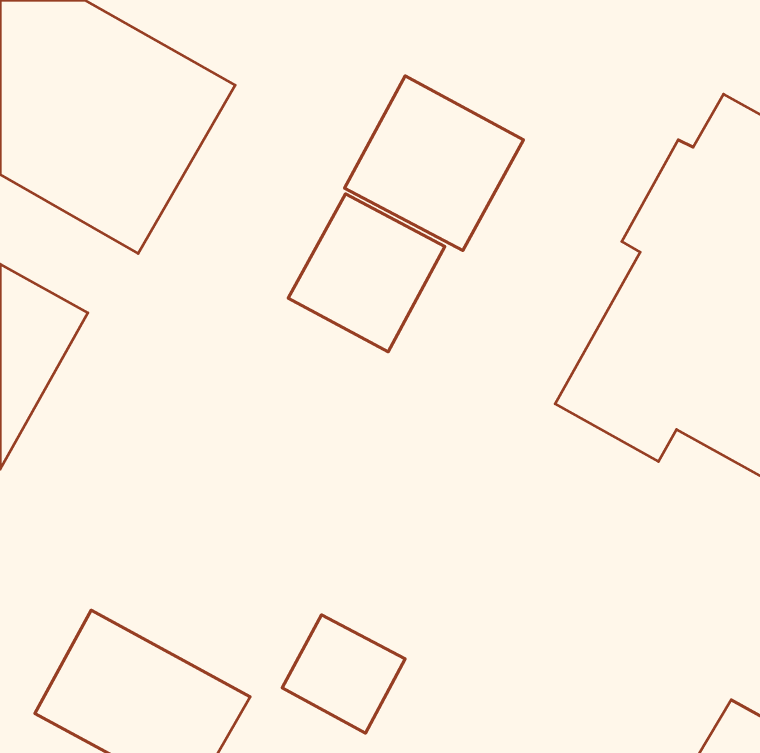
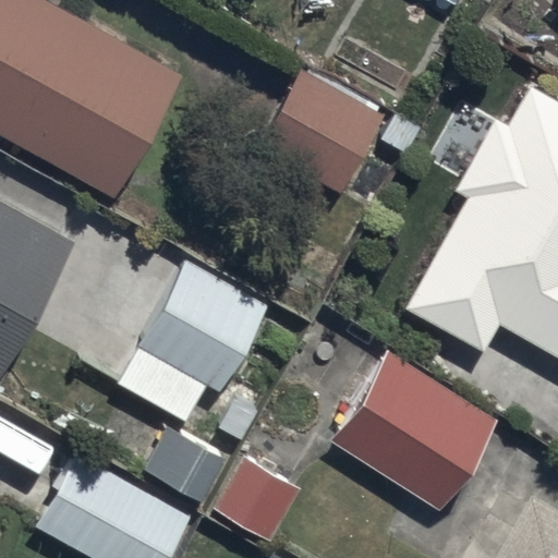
building: [288,194,445,352] -> none
building: none -> [138,259,270,392]
building: none -> [332,354,498,515]

